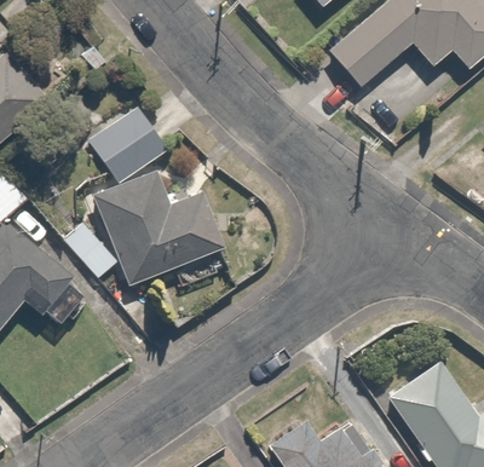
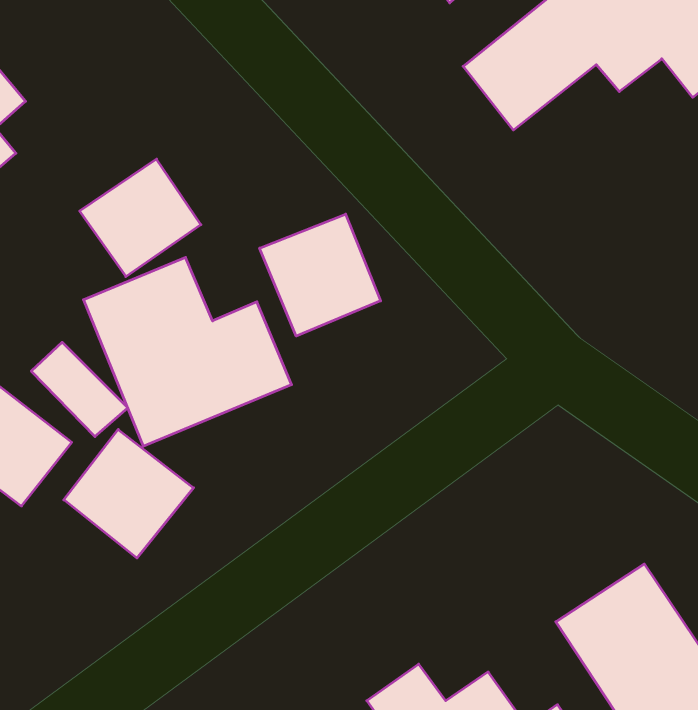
building: none -> [260,214,381,336]
building: none -> [64,429,194,558]

